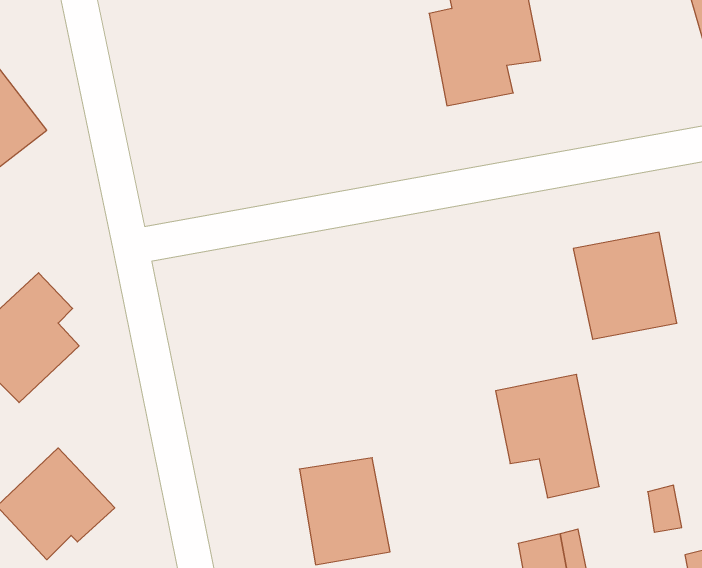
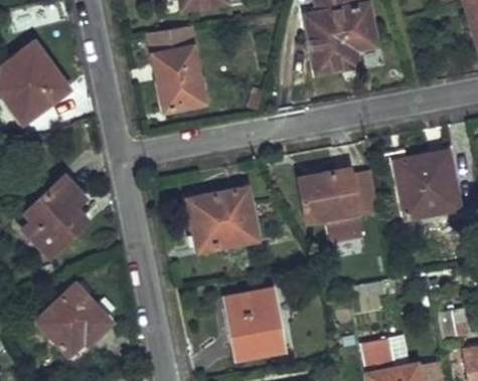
building: none -> [150,25,206,109]
building: none -> [188,188,258,249]
building: [496,374,599,498] -> [300,168,364,244]

